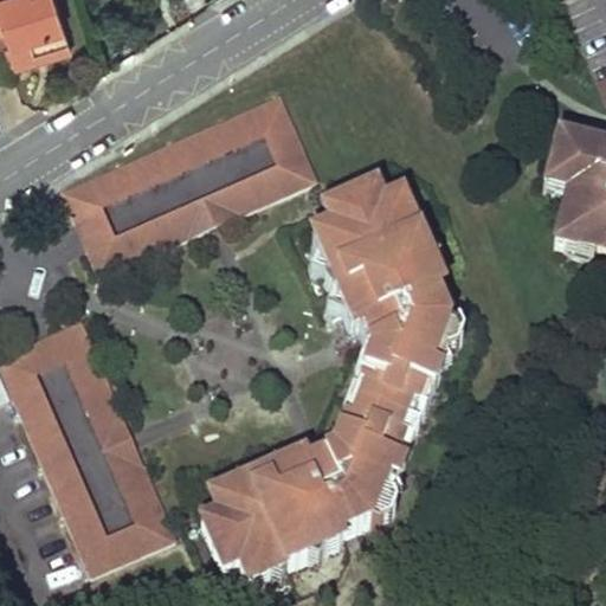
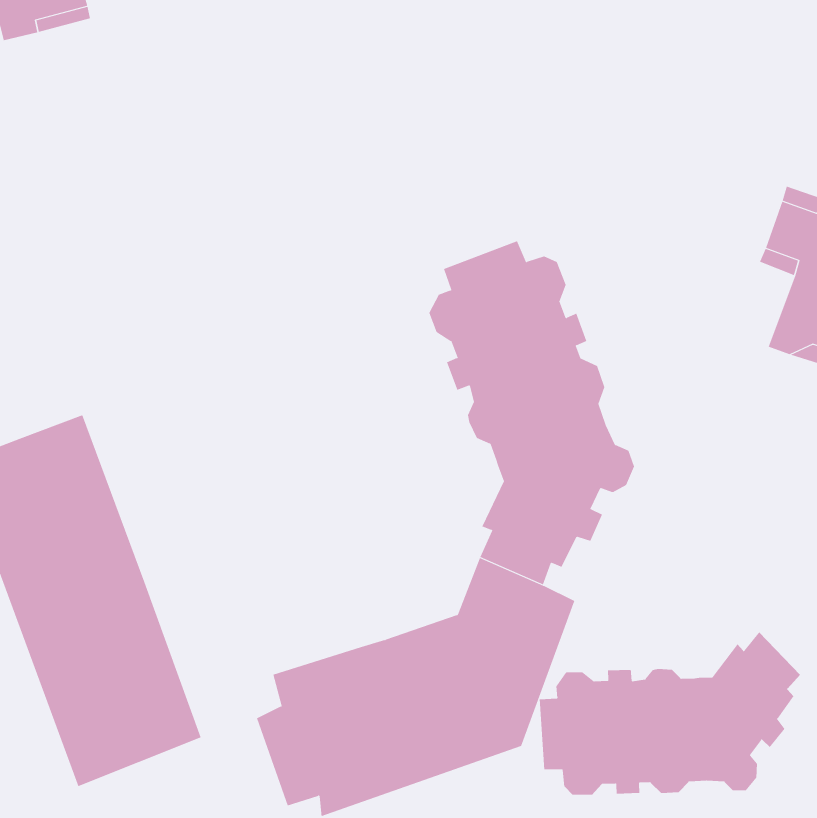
building: [60,95,314,273] -> none
building: none -> [539,632,801,796]

